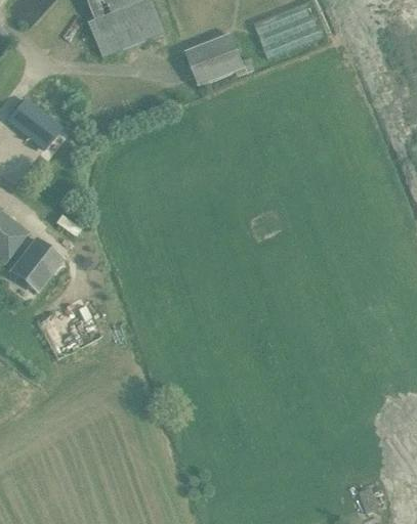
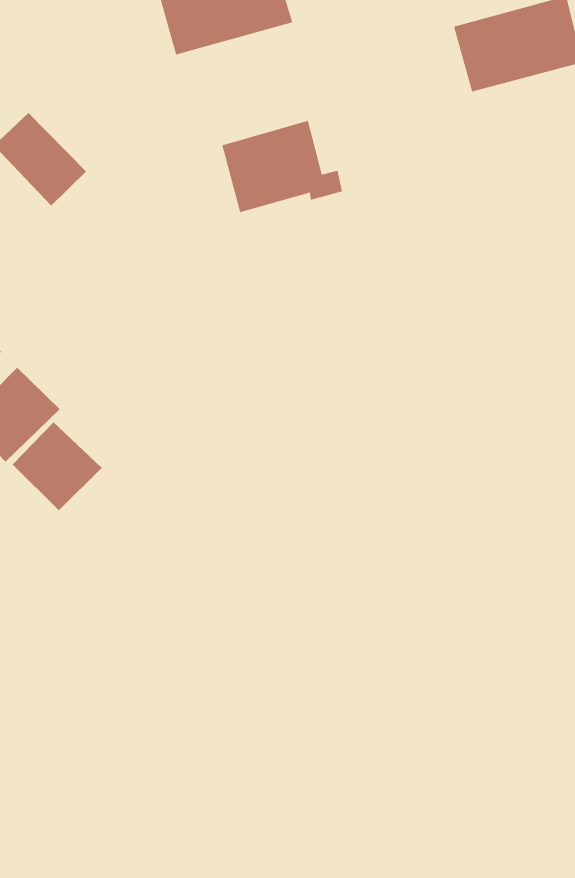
building: [184,31,254,86] -> [222,120,343,213]
building: none -> [12,421,102,511]

